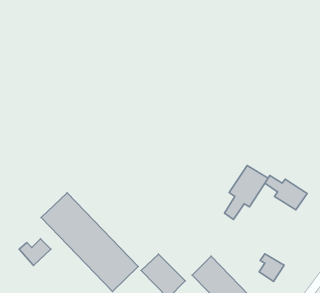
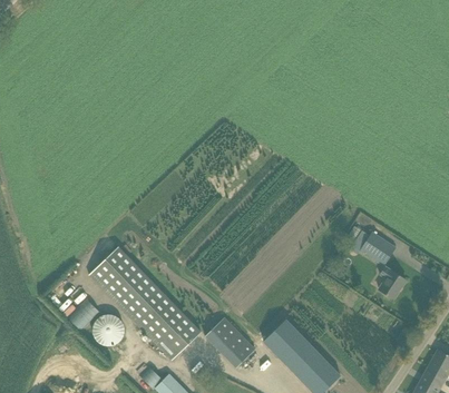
building: [224,166,268,220] -> none
building: none -> [89,312,126,348]
building: [259,254,284,282] -> [378,267,407,299]

